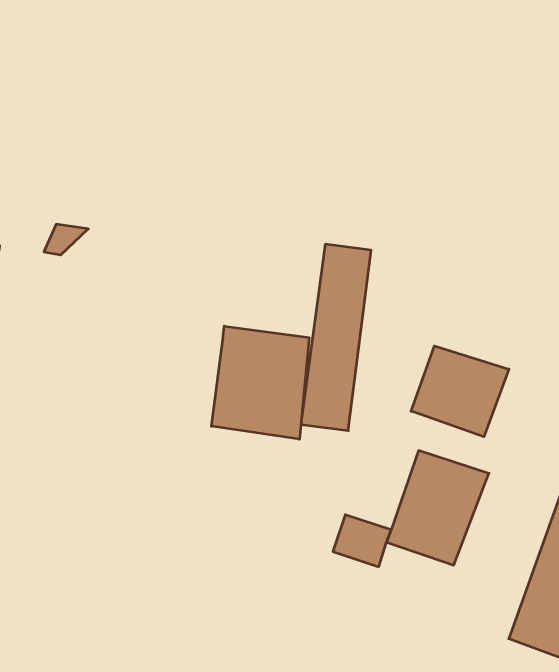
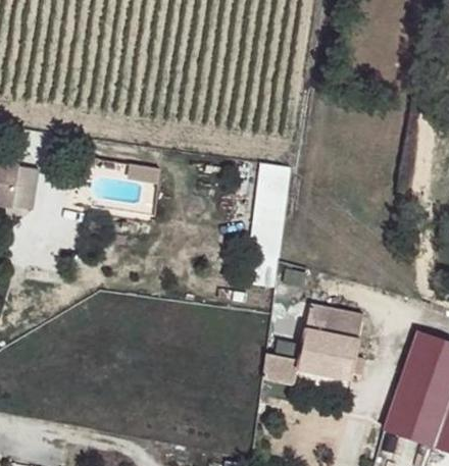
building: [211,326,309,439] -> none
building: [411,346,509,437] -> none

